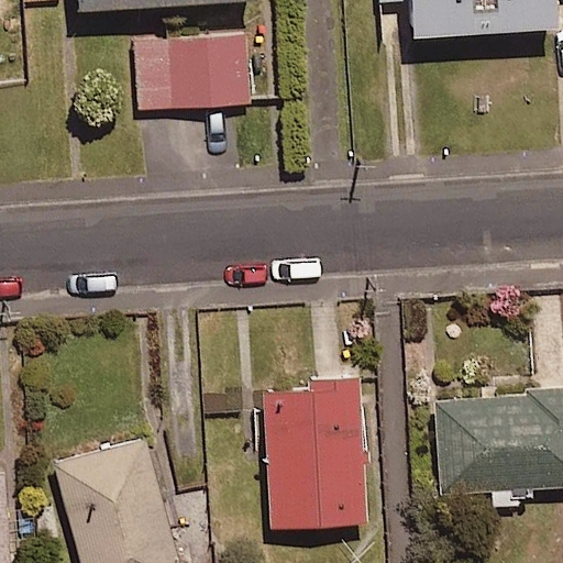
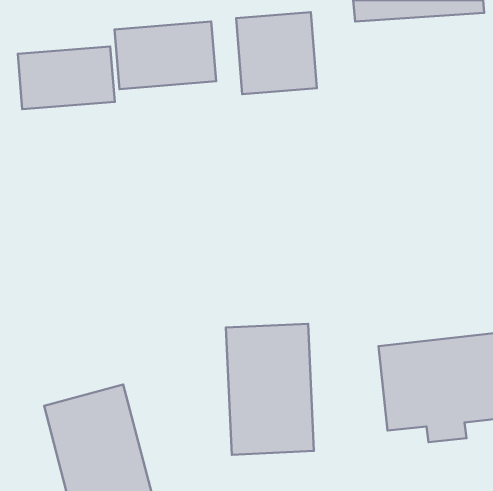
building: none -> [236,12,317,94]
building: none -> [18,46,115,109]

